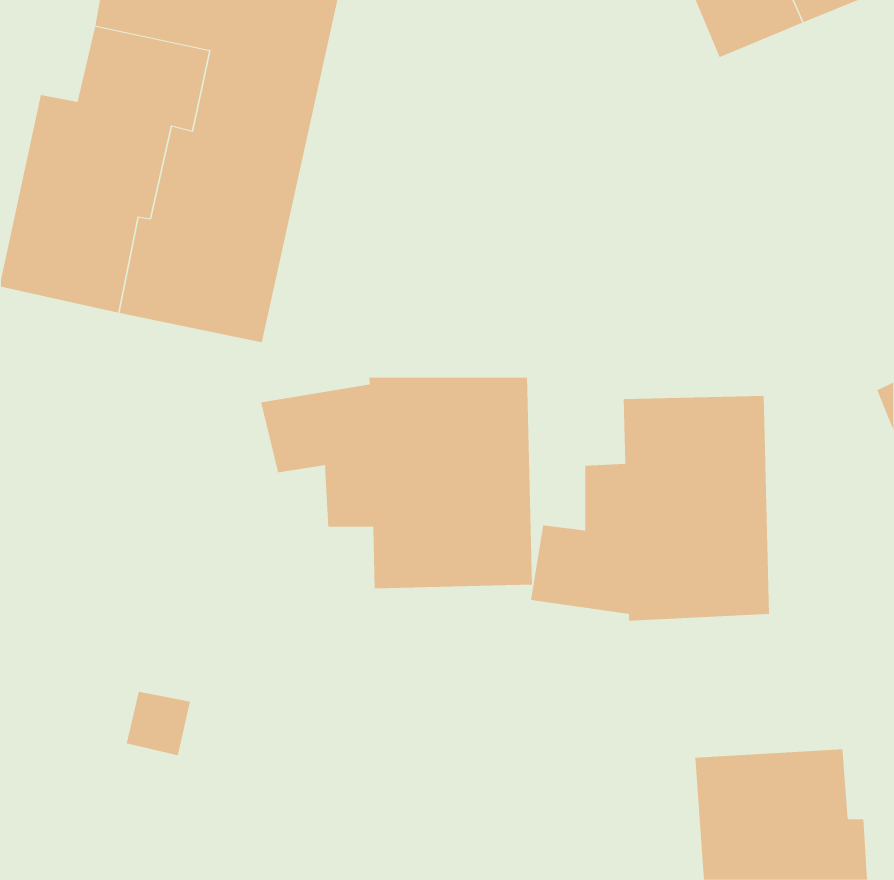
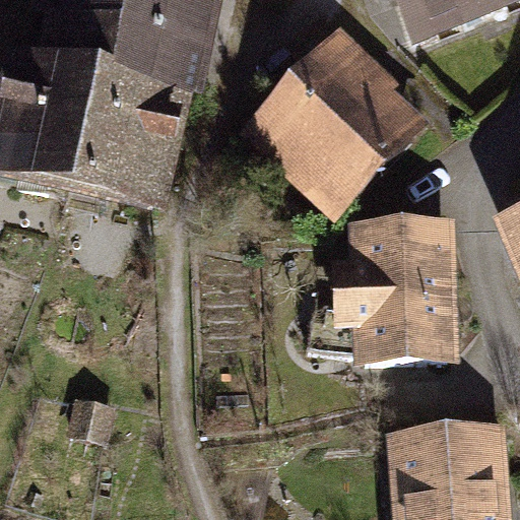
building: none -> [261,32,412,199]
building: [260,377,533,589] -> none

